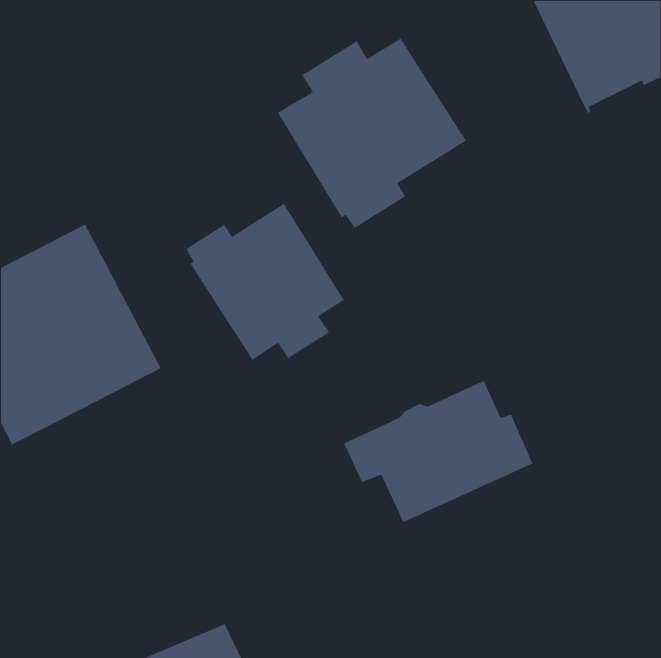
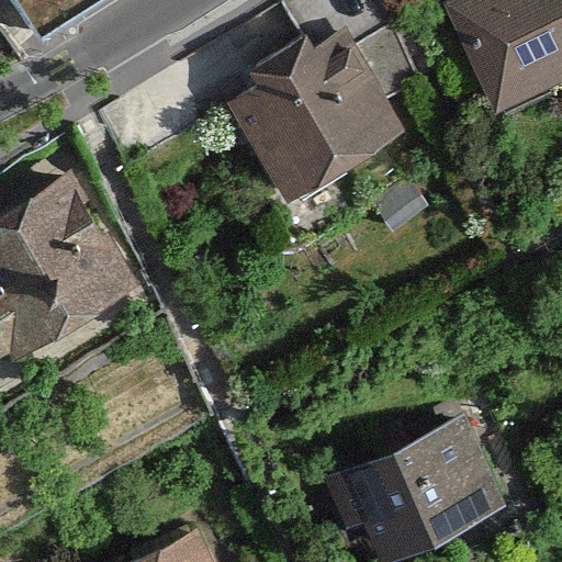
building: [185,203,345,361] -> none
building: [343,380,533,523] -> [337,423,498,544]

